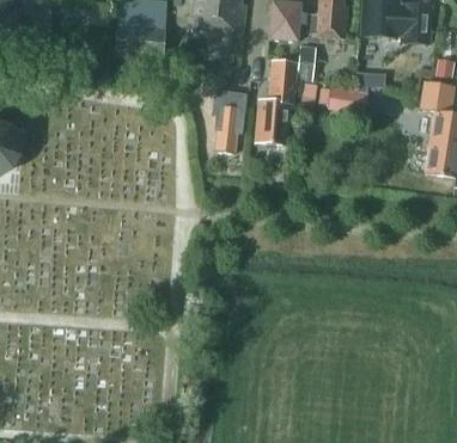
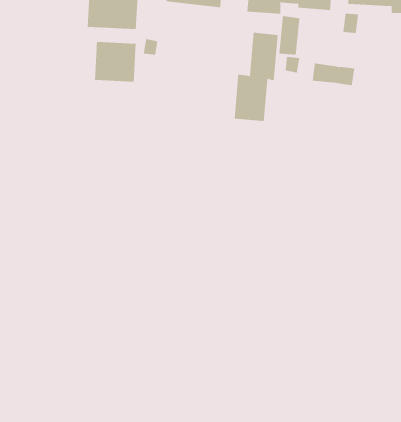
building: none -> [95,41,136,82]
building: [211,104,246,152] -> none

